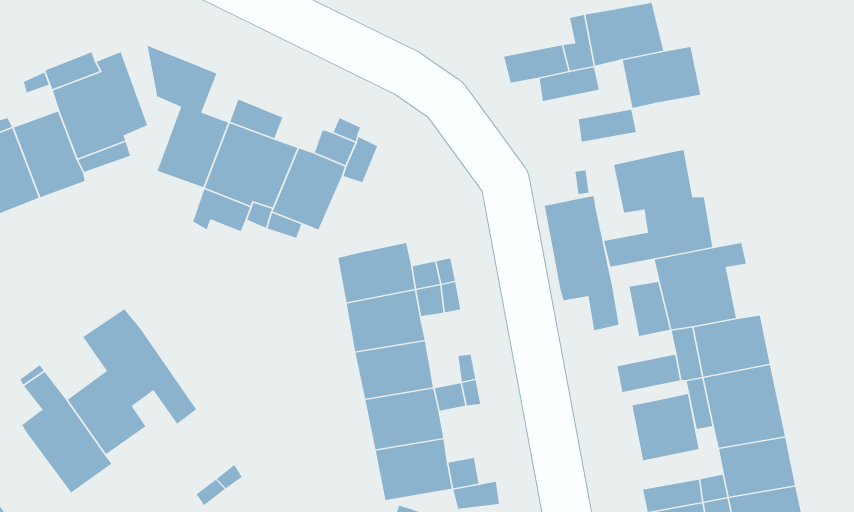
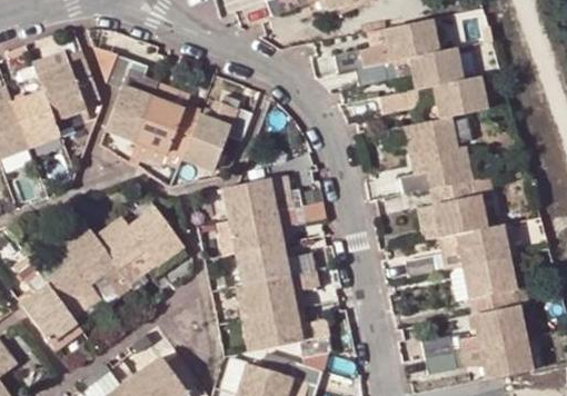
building: none -> [434,78,487,119]
building: [543,195,620,331] -> none
building: none -> [96,207,183,290]
building: [631,393,699,461] -> none

